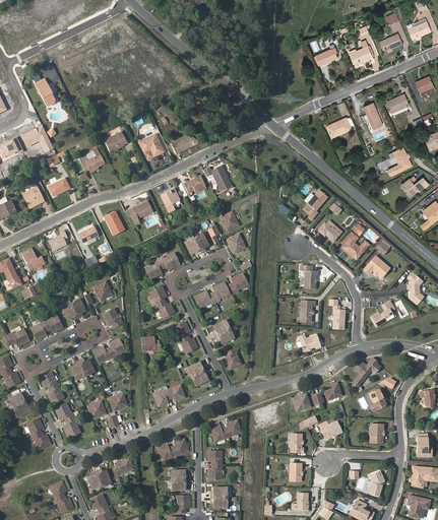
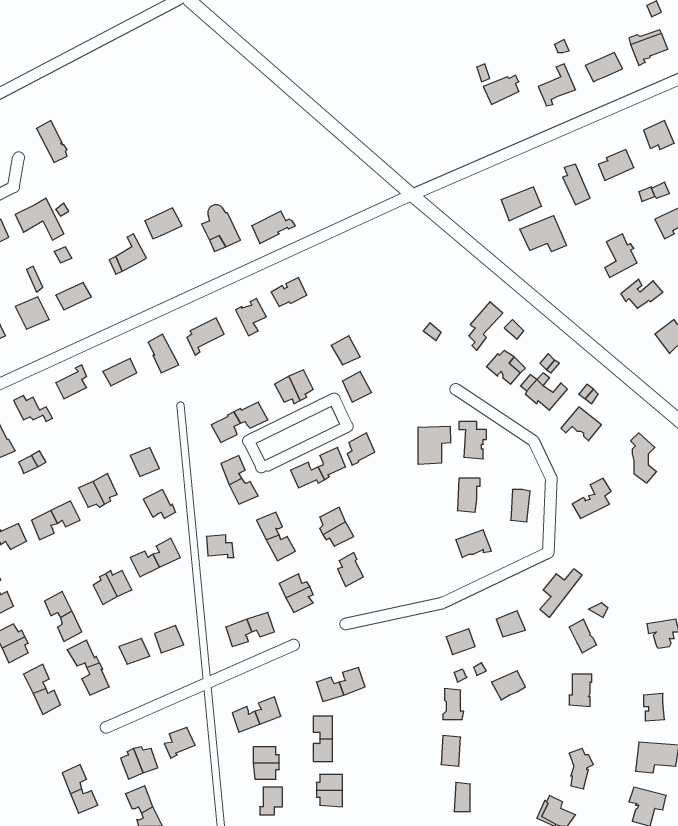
building: none -> [520,216,566,252]
building: [202,166,232,193] -> none
building: none -> [418,426,451,464]

